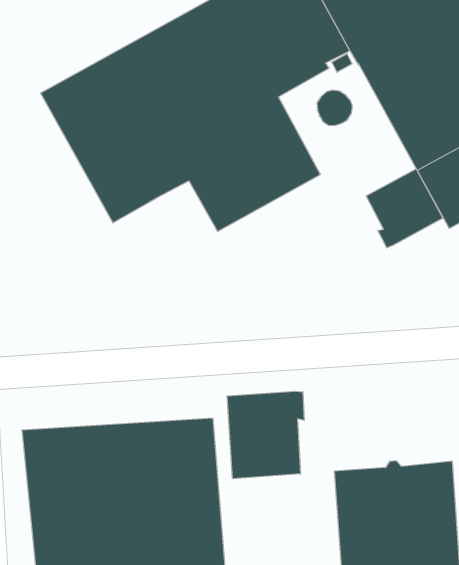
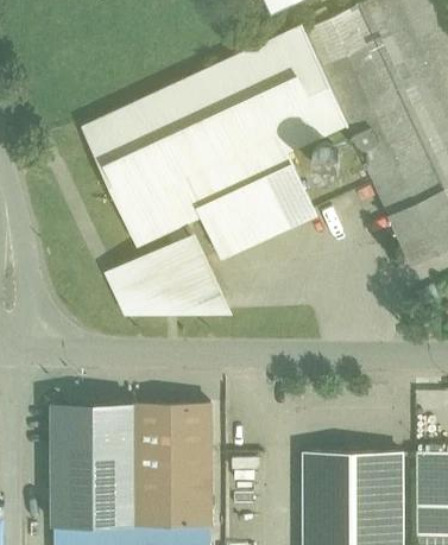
building: [366,169,443,248] -> none
building: none -> [113,223,222,310]
building: [227,391,304,479] -> none

